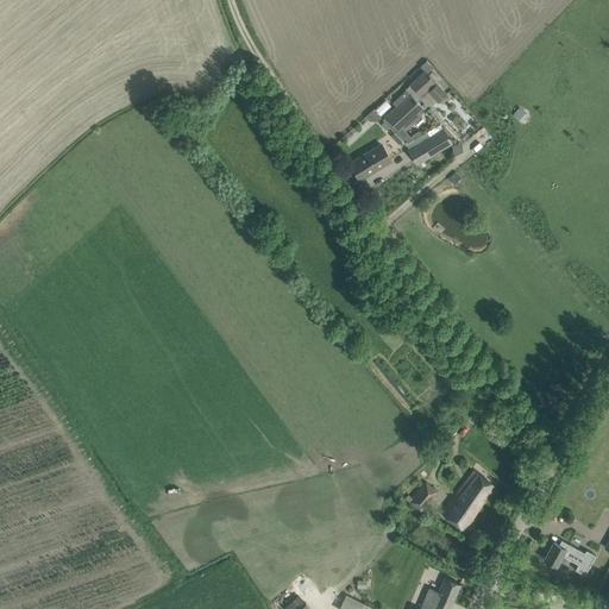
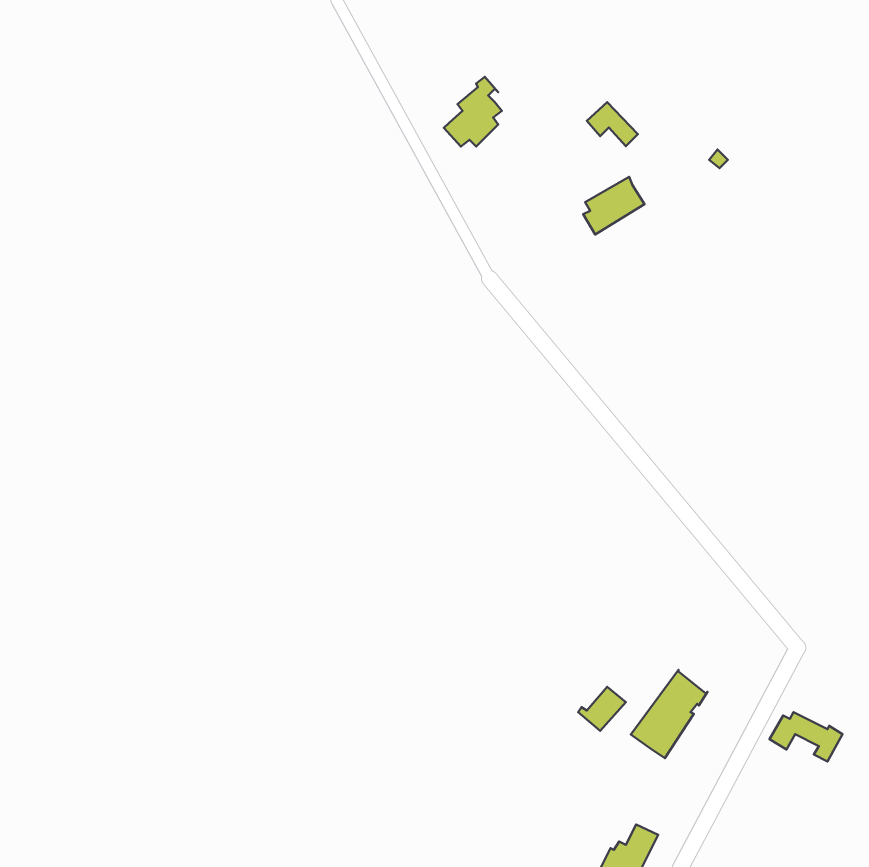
building: [382,86,422,134] -> [444,77,502,147]
building: [350,147,391,181] -> none
building: [544,541,595,576] -> [770,712,843,761]

